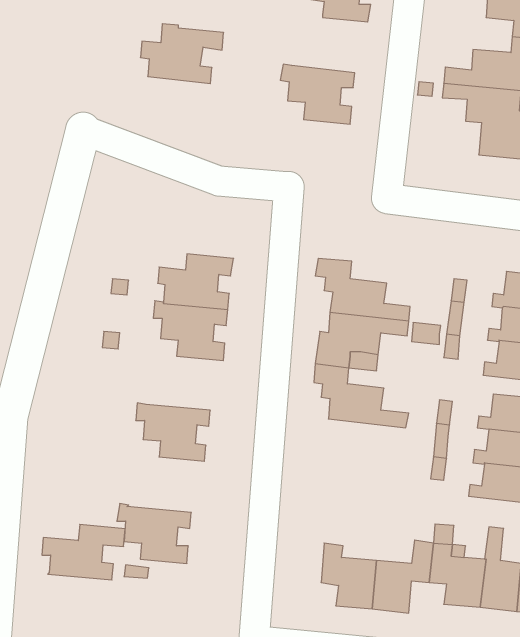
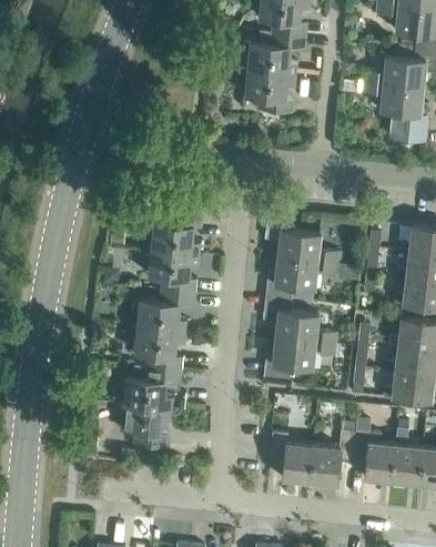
building: [140,24,224,84] -> [243,29,306,74]
building: none -> [132,290,196,331]
building: none -> [264,337,335,379]
building: [42,524,125,580] -> [119,366,182,408]

